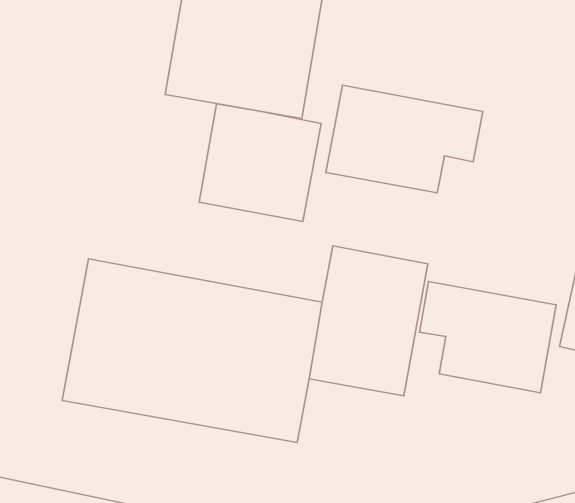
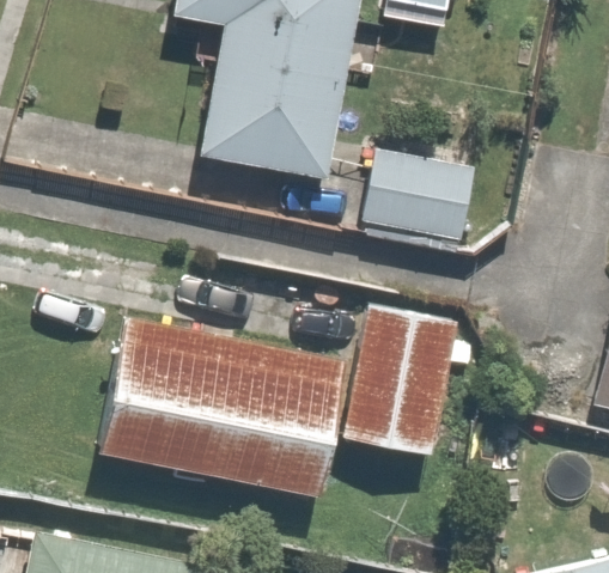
building: [199,104,321,221] -> none
building: [419,282,556,393] -> none

